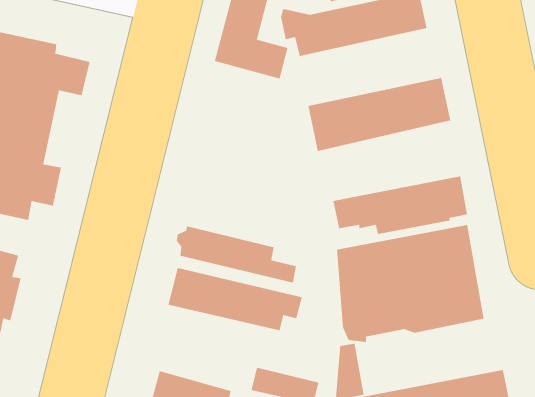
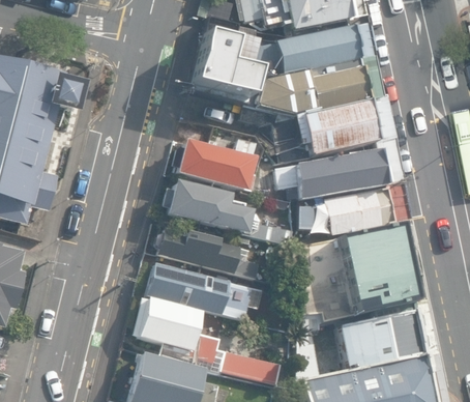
building: none -> [259,55,382,116]
building: none -> [174,136,252,191]
building: none -> [274,139,403,200]
building: none -> [165,180,291,245]
building: none -> [142,298,222,371]
building: none -> [335,312,439,370]

